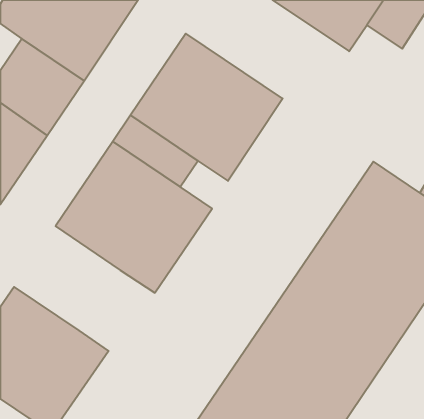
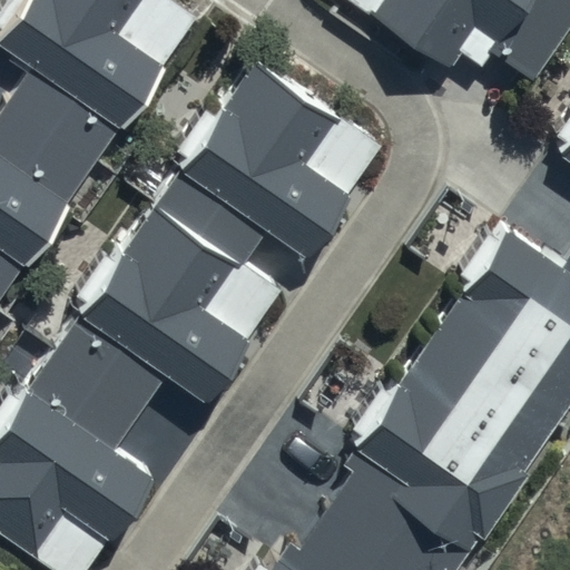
building: none -> [27,314,167,452]

